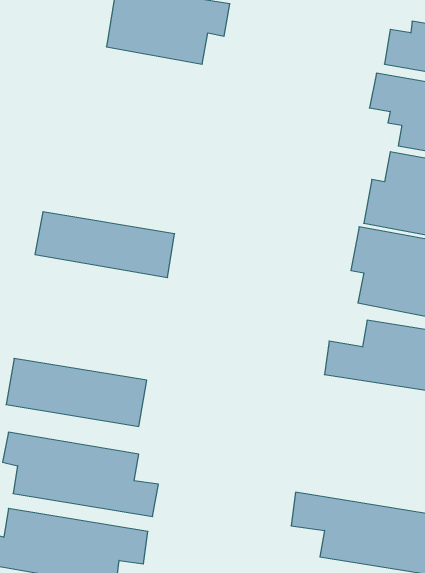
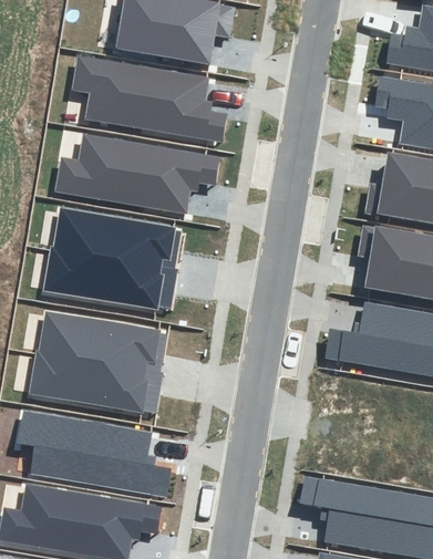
building: none -> [74,59,224,139]
building: none -> [55,135,213,209]
building: none -> [43,246,178,312]
building: none -> [31,303,165,366]

